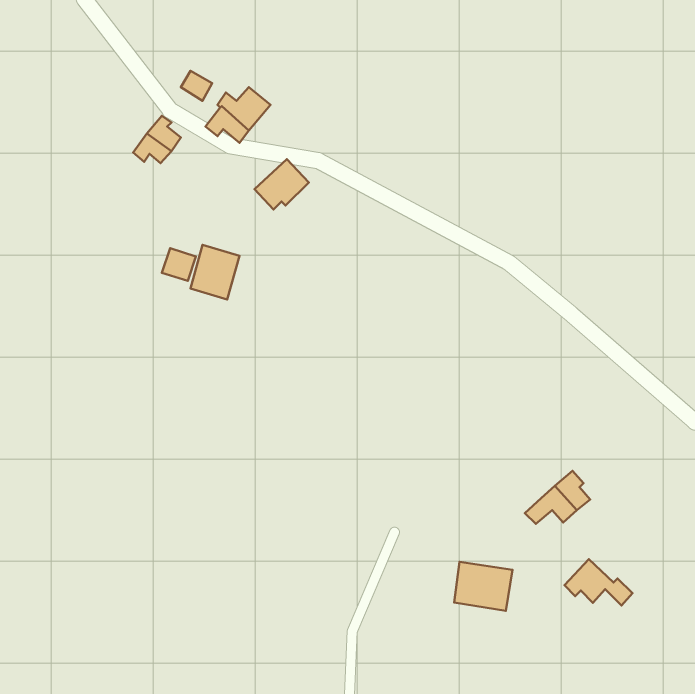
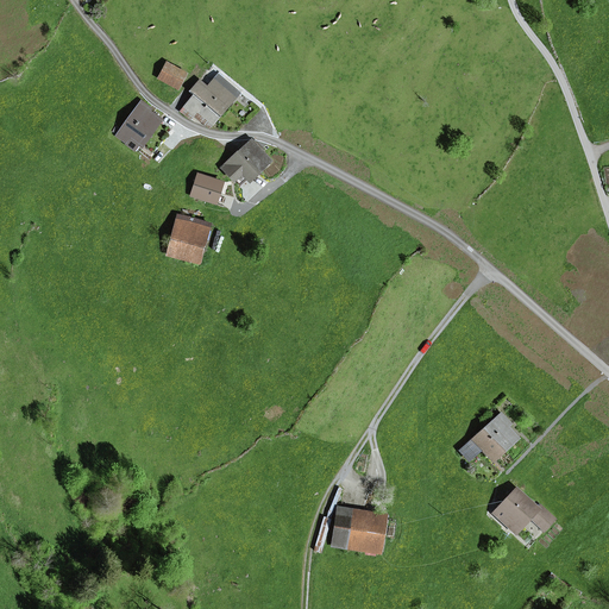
building: [162,248,196,281] -> [192,174,221,202]
building: [454,562,513,611] -> [333,508,384,551]

